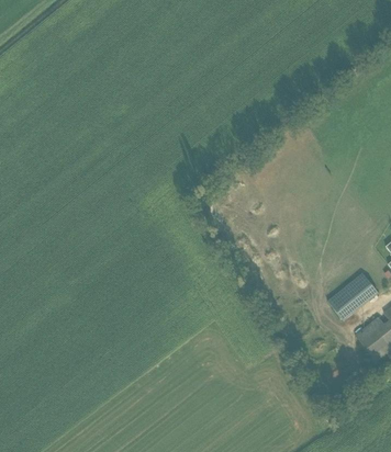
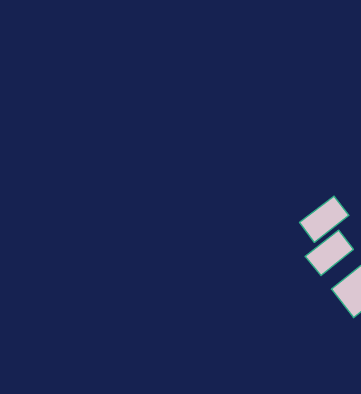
building: none -> [300,196,349,242]

